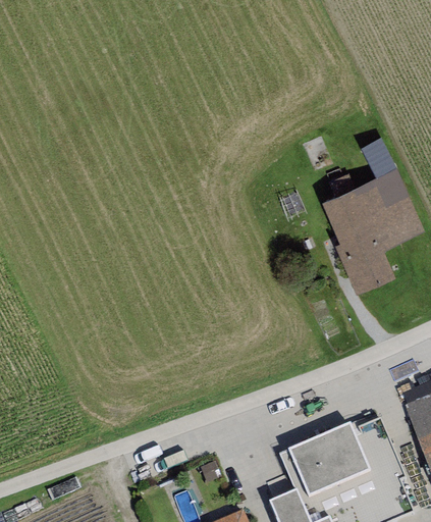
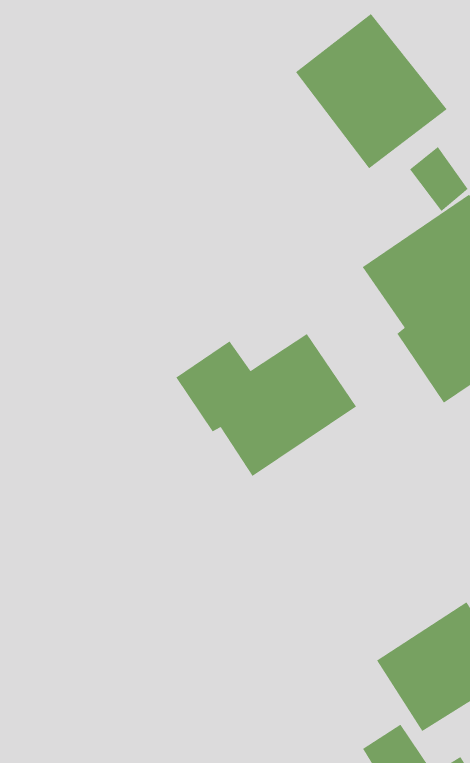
building: none -> [295,13,447,169]
building: none -> [175,333,357,477]

